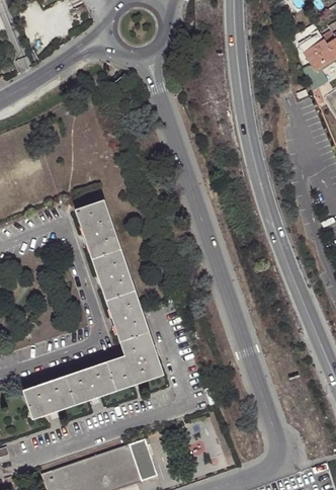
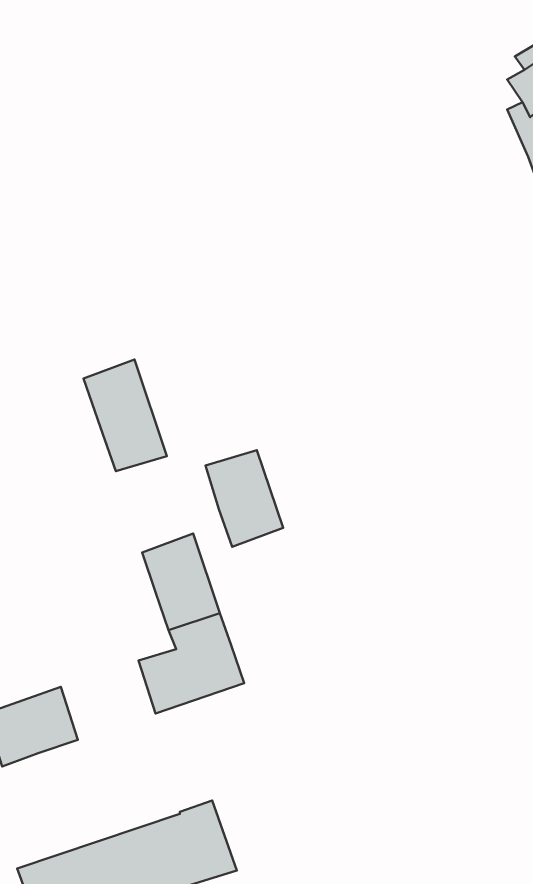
building: [93,253,135,305] -> [206,450,283,547]
building: [64,362,114,405] -> none

